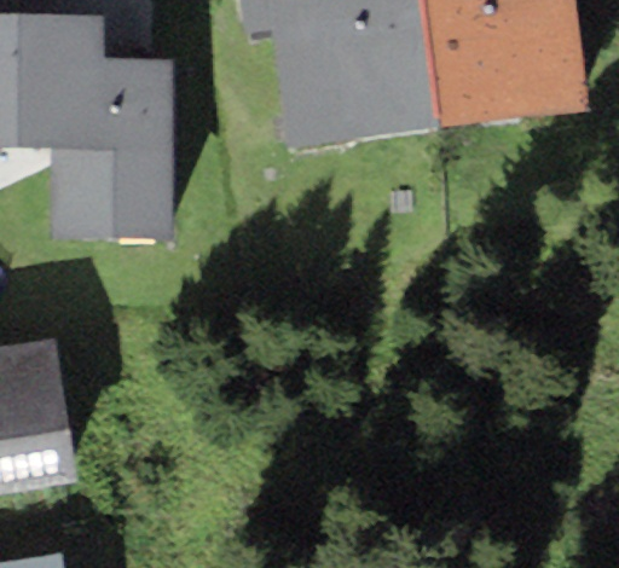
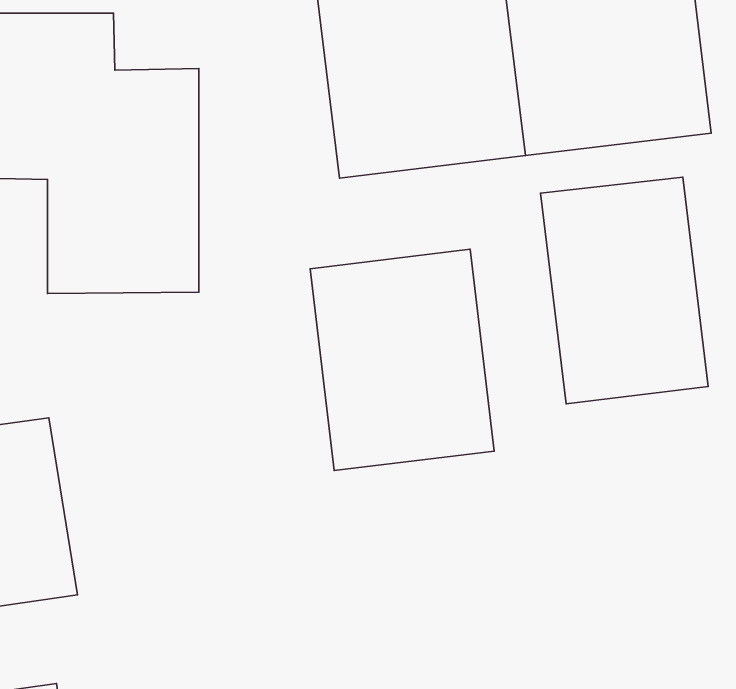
building: none -> [540,177,708,404]
building: none -> [310,249,494,471]

